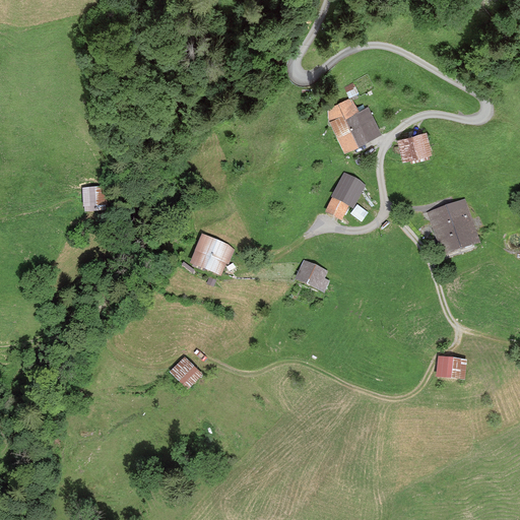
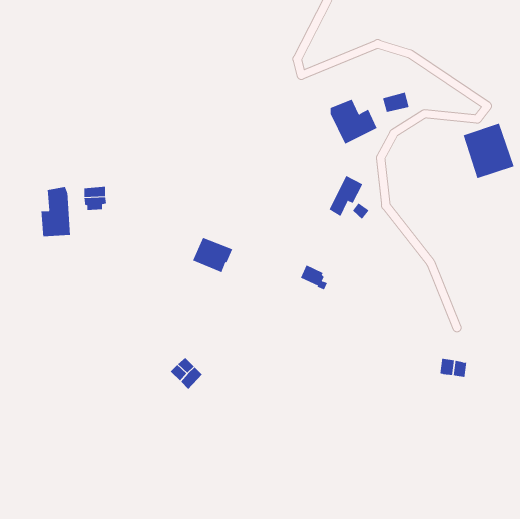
building: [399,135,427,155] -> [382,92,410,112]
building: none -> [41,186,70,237]
building: [428,199,479,255] -> [463,123,515,179]

